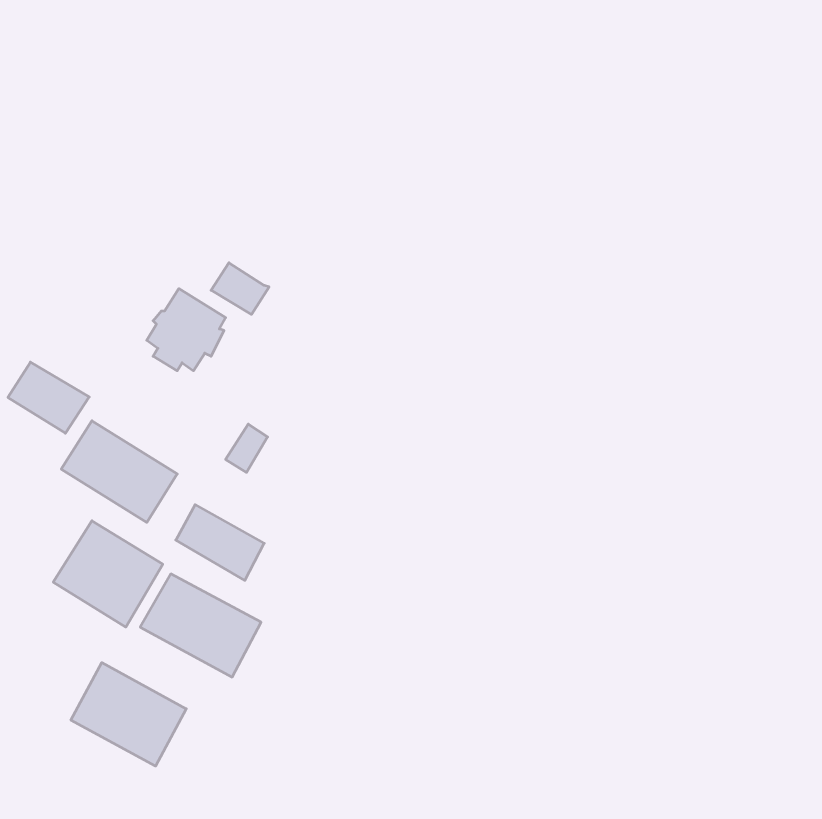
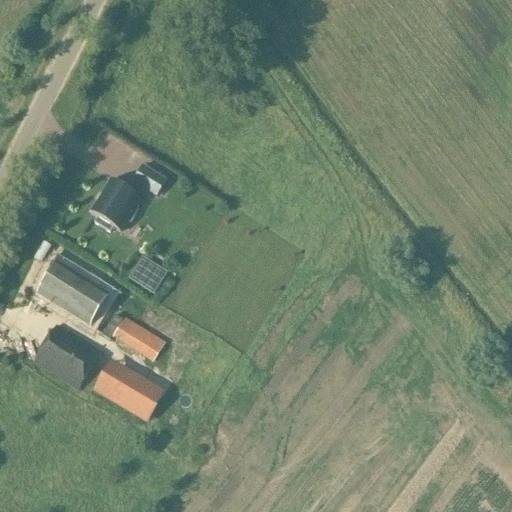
building: [8,362,89,433] -> none
building: [71,663,186,766] -> none

